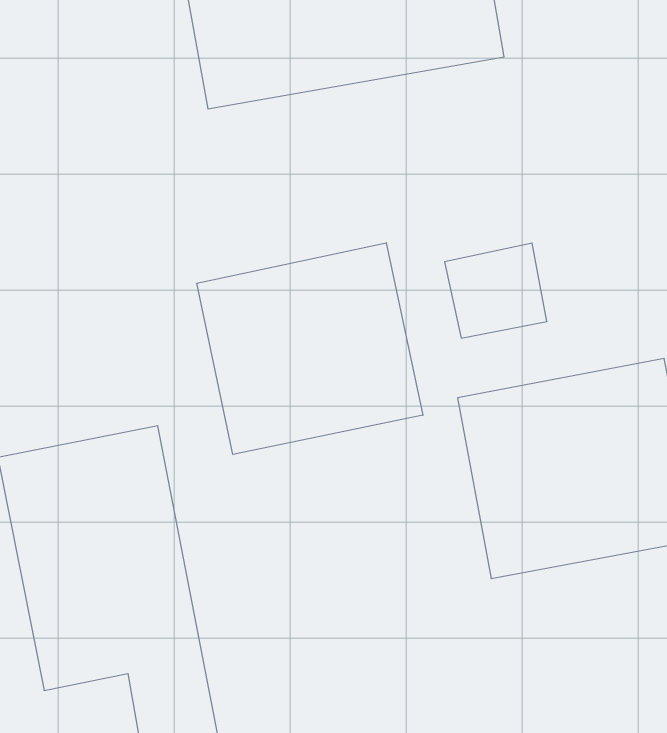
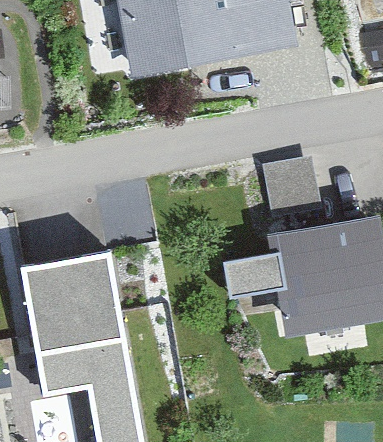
building: [197,243,423,454] -> none

